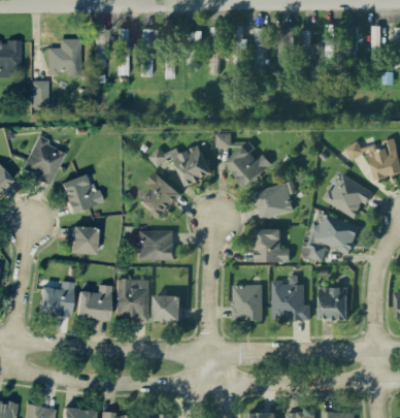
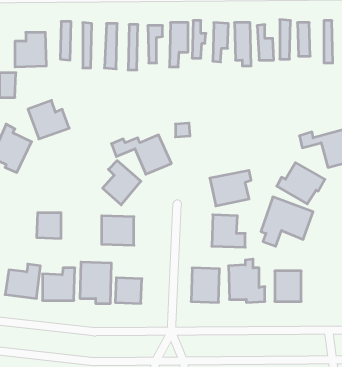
building: [225,140,272,188] -> none
building: [60,173,103,214] -> [28,100,69,139]

